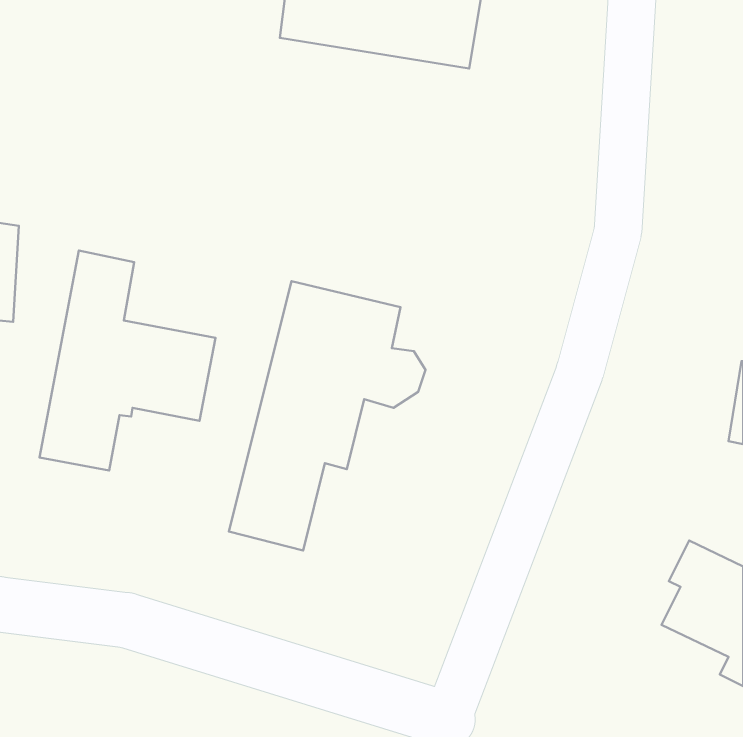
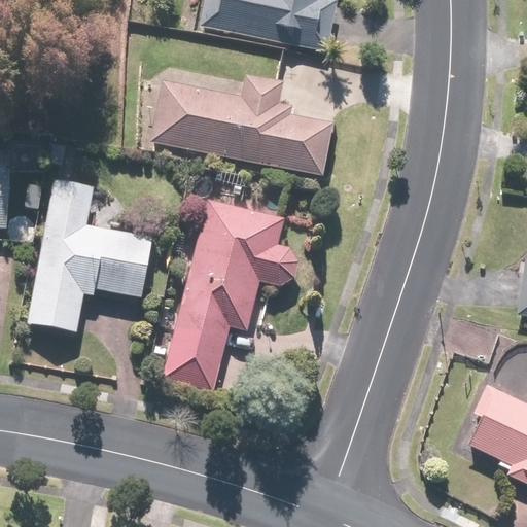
building: none -> [152,73,333,174]

